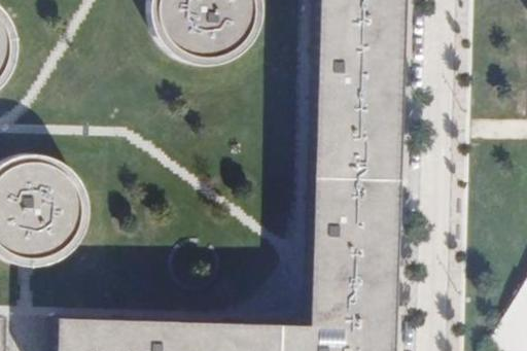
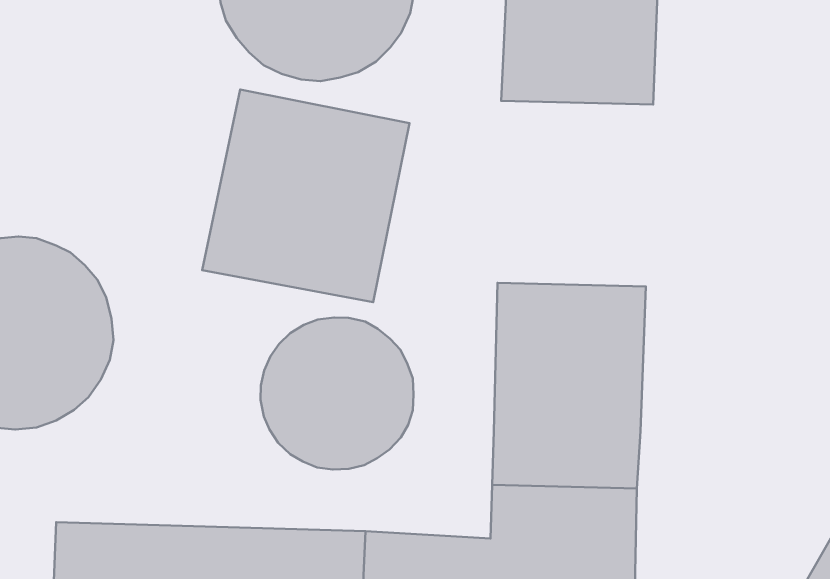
building: none -> [202,89,409,302]
building: [311,74,400,181] -> none
building: none -> [260,317,414,470]

